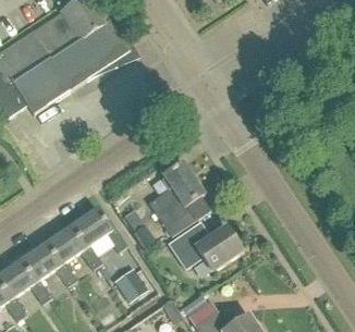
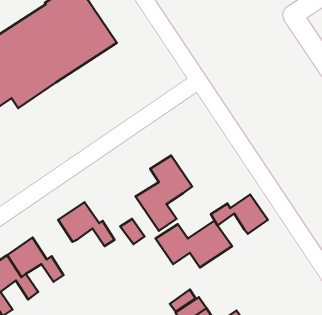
building: none -> [211,194,268,234]
building: [48,223,103,267] -> none
building: [111,262,146,297] -> none

